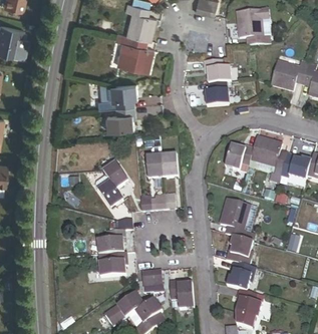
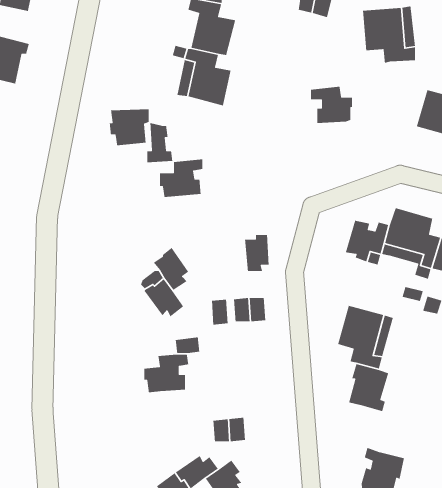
building: [205,81,229,105] -> none
building: [110,82,136,106] -> [109,108,150,146]
building: [145,145,163,178] -> none
building: [98,252,127,276] -> none
building: [226,262,256,291] -> none
building: [170,280,194,308] -> none

